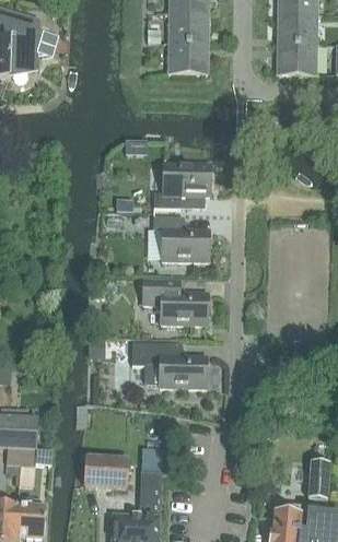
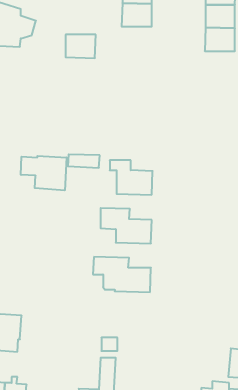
building: [168,42,208,72] -> [66,35,96,58]
building: [153,163,210,207] -> none
building: none -> [21,156,67,190]
building: [84,457,127,486] -> none

